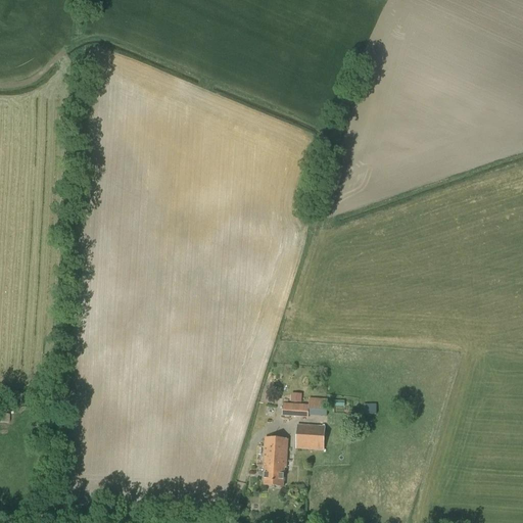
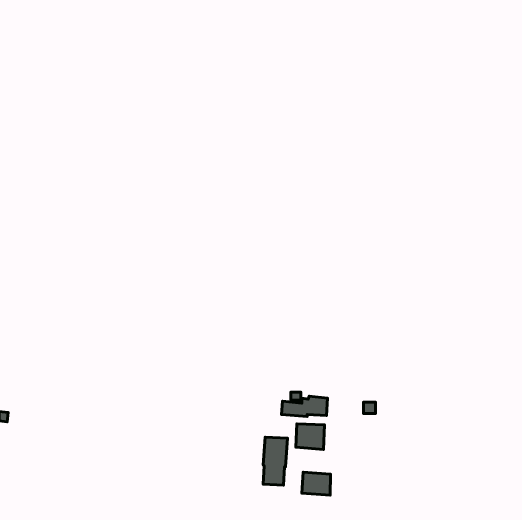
building: none -> [302,472,331,495]

